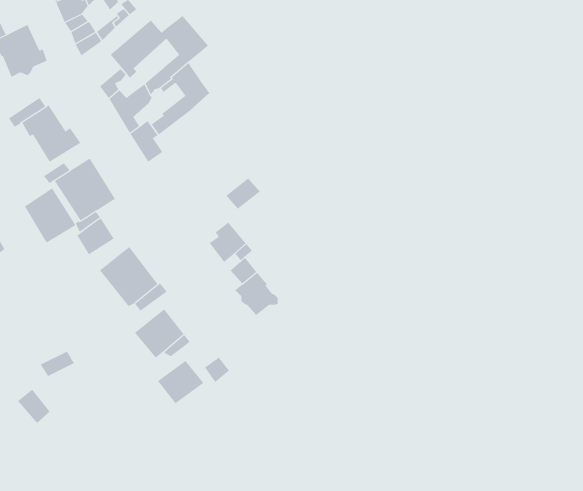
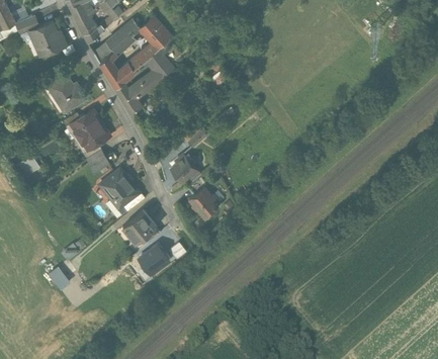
building: [24,188,76,244] -> none

